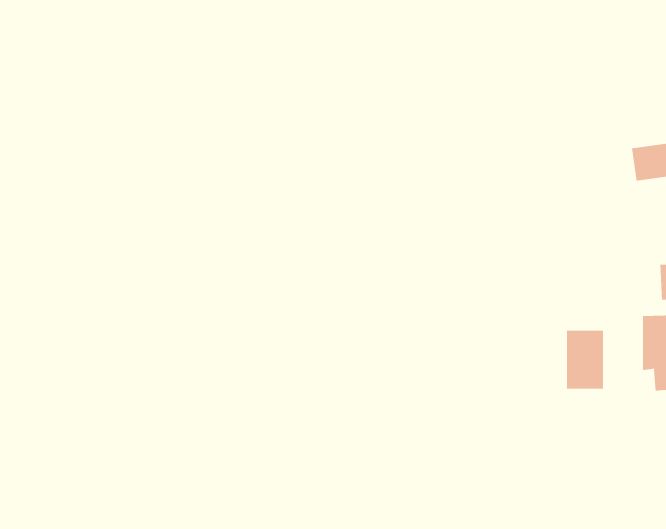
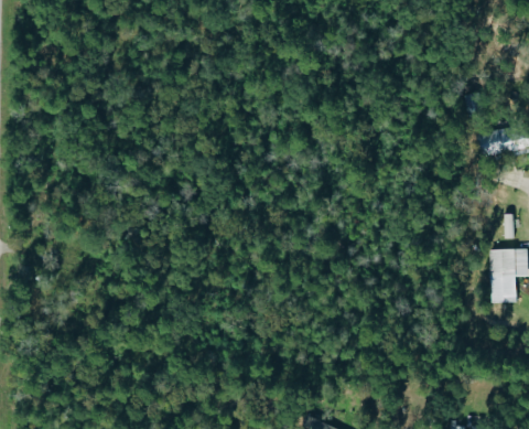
building: [566,330,603,390] -> none

